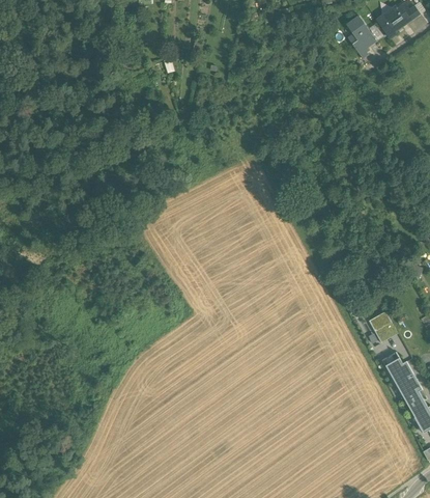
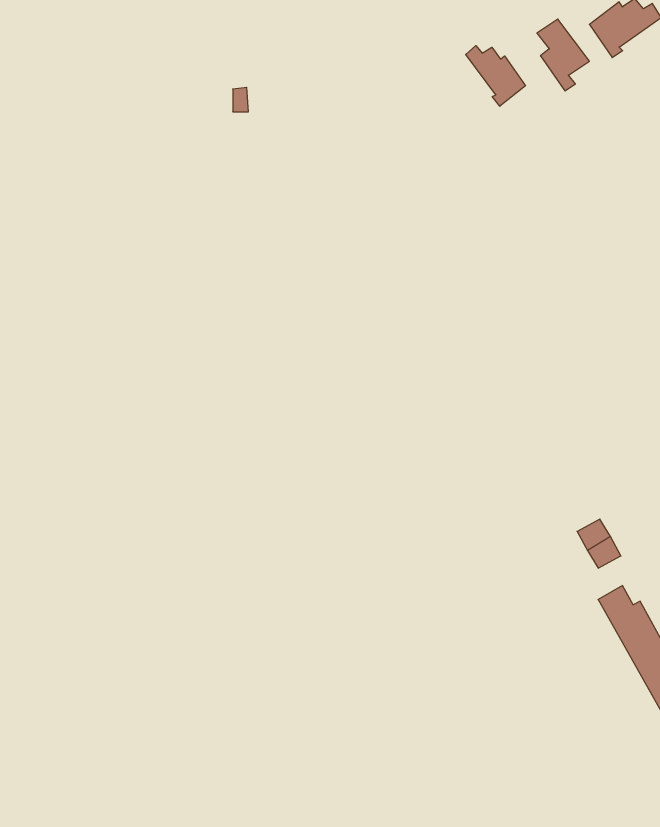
building: none -> [466,46,525,106]

